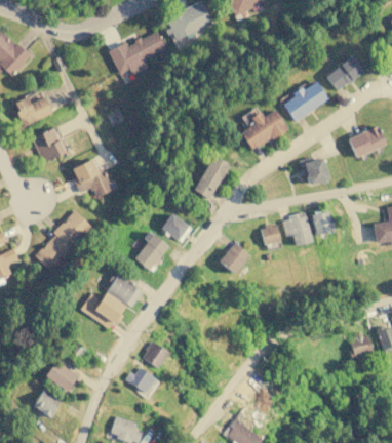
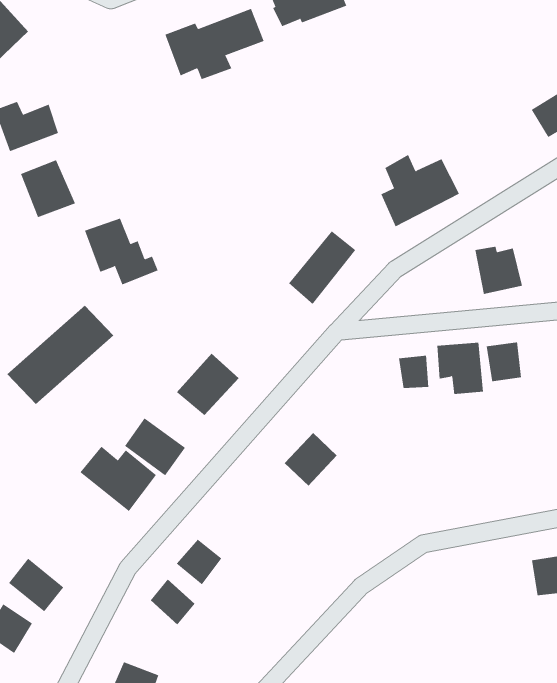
building: [283,81,328,122] -> none
building: [161,213,190,240] -> none
building: [219,242,249,274] -> [284,432,338,487]

